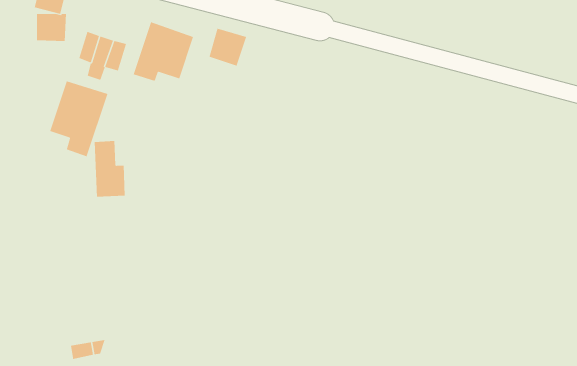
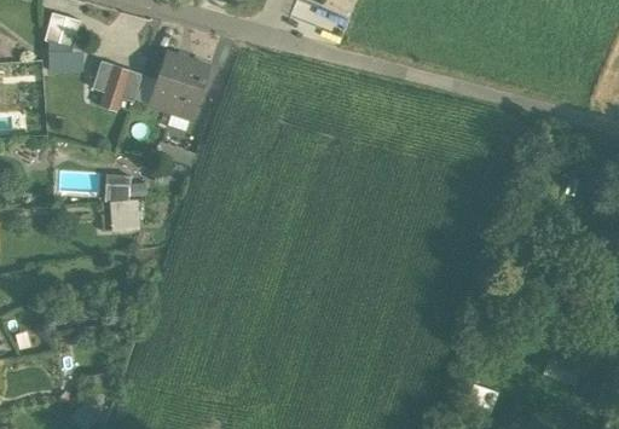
building: [209,28,247,67] -> none
building: [49,80,108,157] -> none

